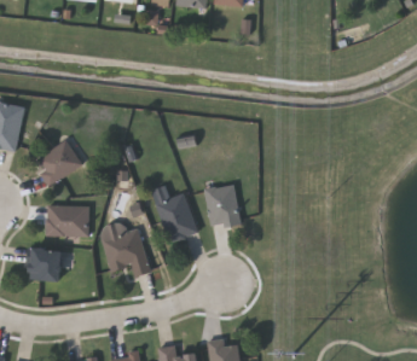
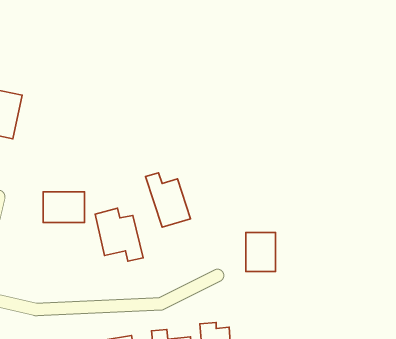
building: [35,140,82,185] -> none
building: [205,186,236,226] -> [246,233,275,271]
building: [30,249,60,280] -> none

